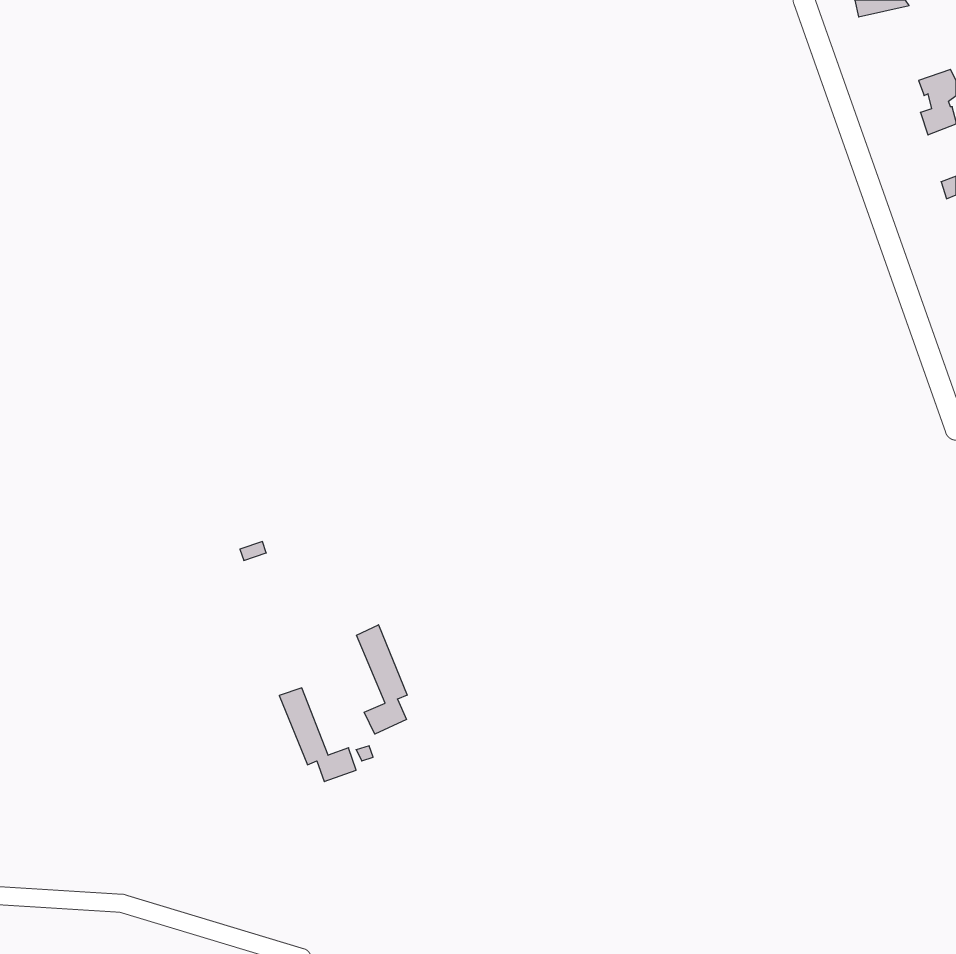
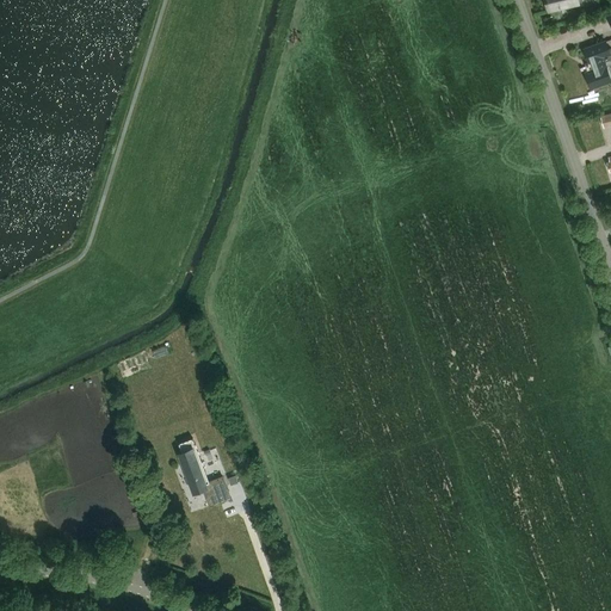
building: [356,625,407,734] -> none

